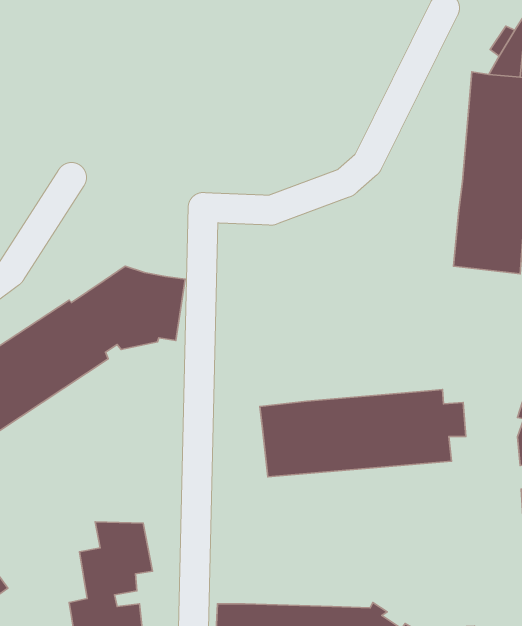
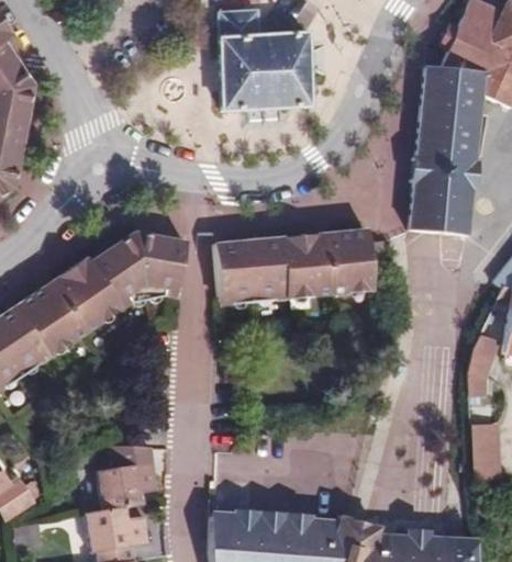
building: none -> [220,10,310,111]
building: [260,390,466,477] -> [215,231,389,304]

